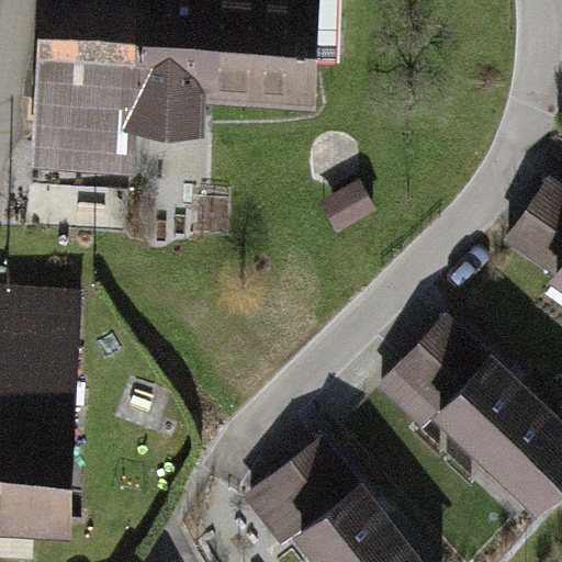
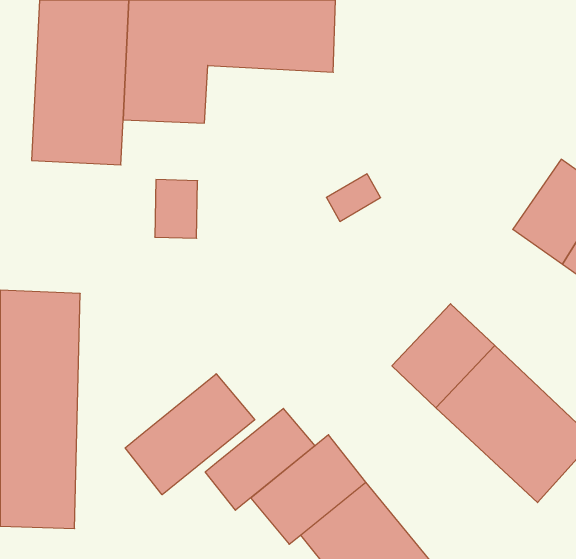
building: none -> [125,374,255,495]
building: none -> [205,408,315,510]

